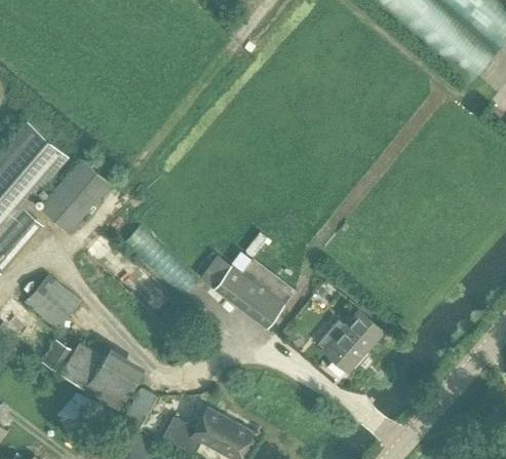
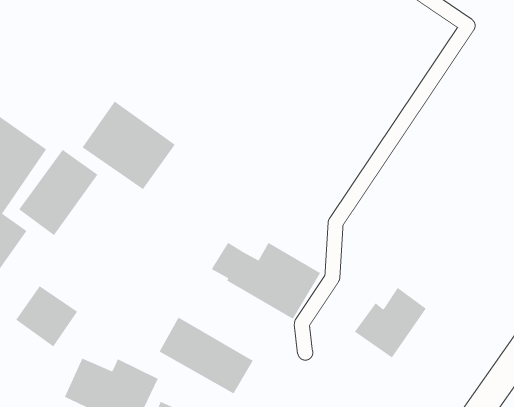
building: none -> [82,100,176,190]
building: none -> [159,317,254,395]
building: [41,339,71,372] -> none

